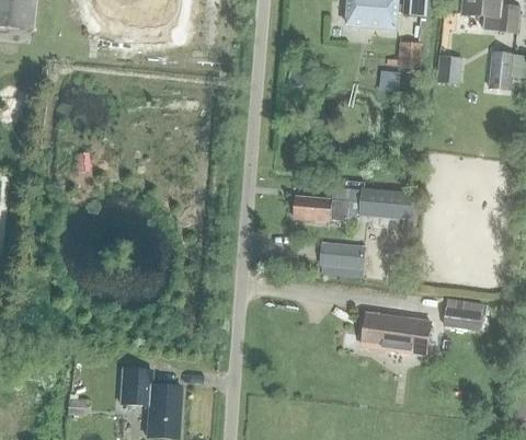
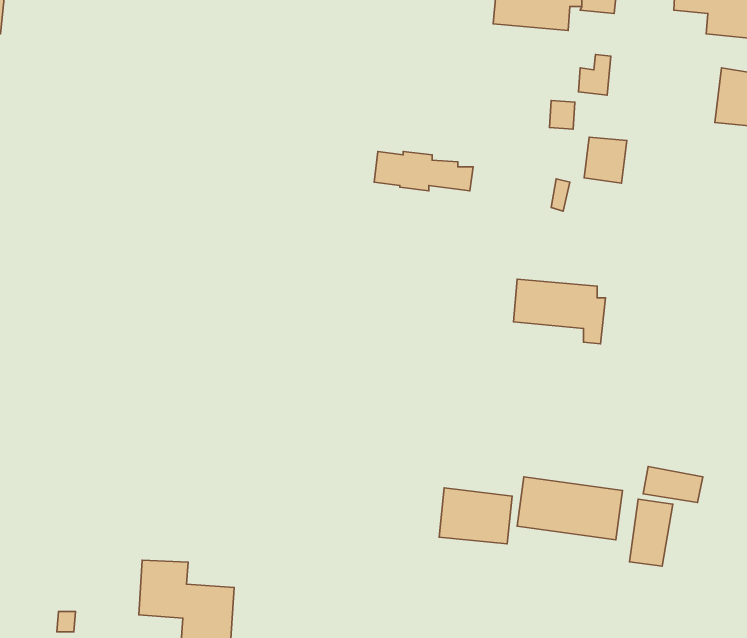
building: [436,53,464,82] -> [584,137,627,183]
building: [294,196,357,221] -> [374,152,473,191]
building: [319,240,366,276] -> [439,488,512,544]
building: none -> [630,499,673,566]

